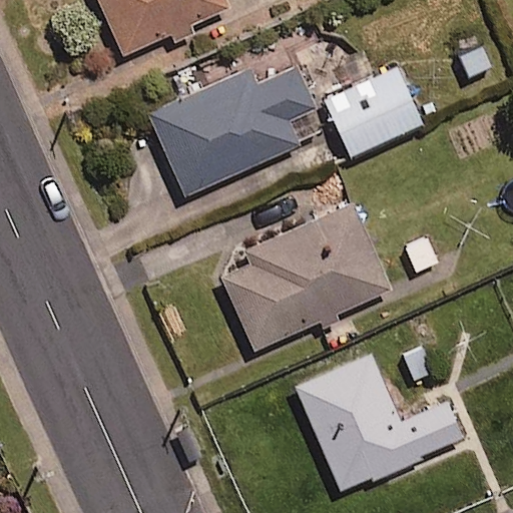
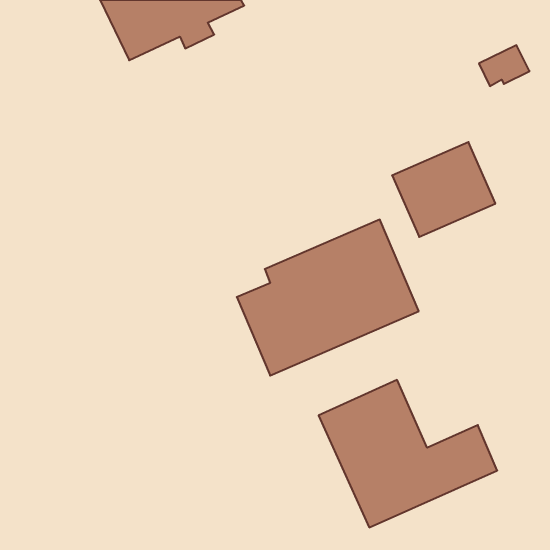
building: [149,67,315,195] -> none
building: [326,67,422,155] -> [392,142,495,237]

